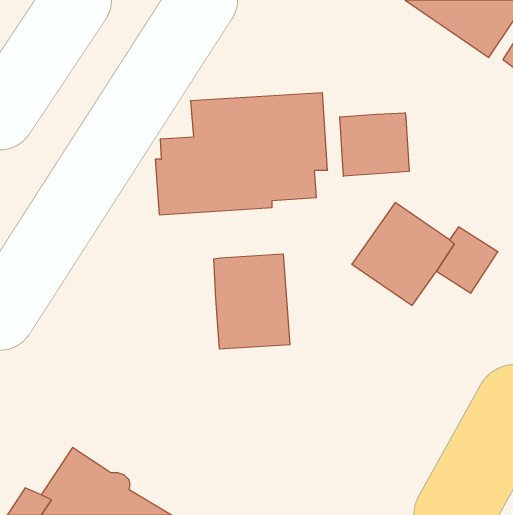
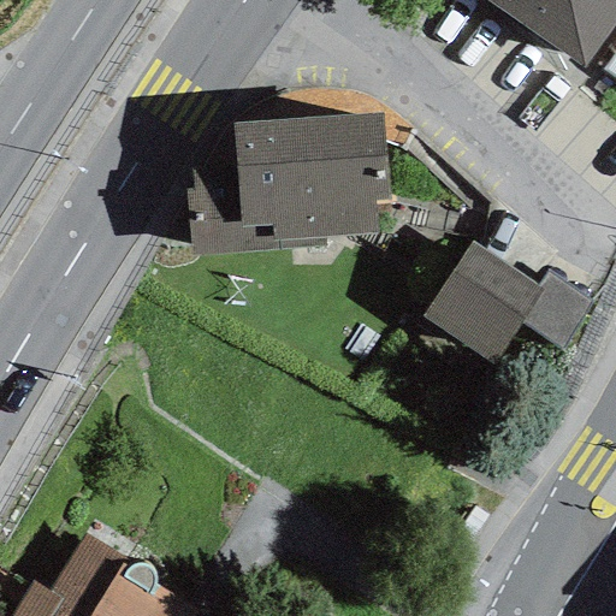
building: [340,113,409,176] -> none
building: [214,254,290,349] -> none

